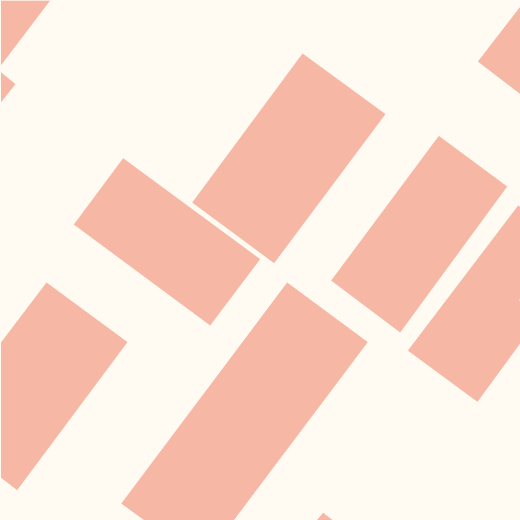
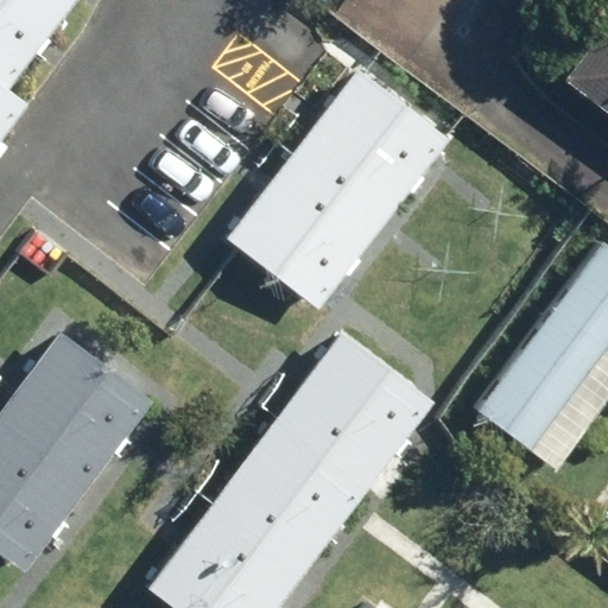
building: [330,135,508,333] -> none
building: [73,157,261,327] -> none

